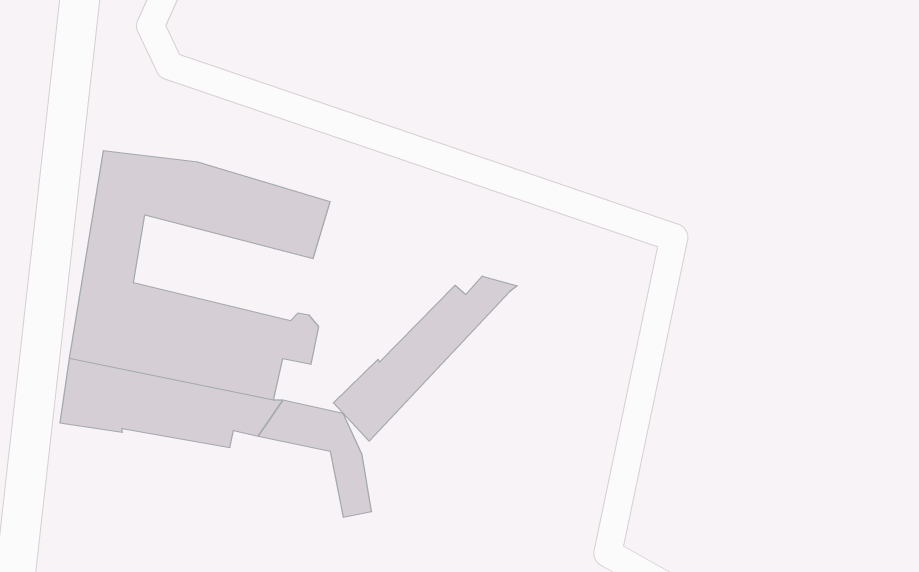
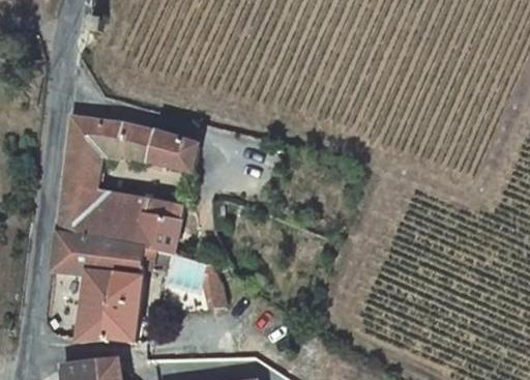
building: [333,276,517,441] -> none
building: none -> [75,265,146,334]

